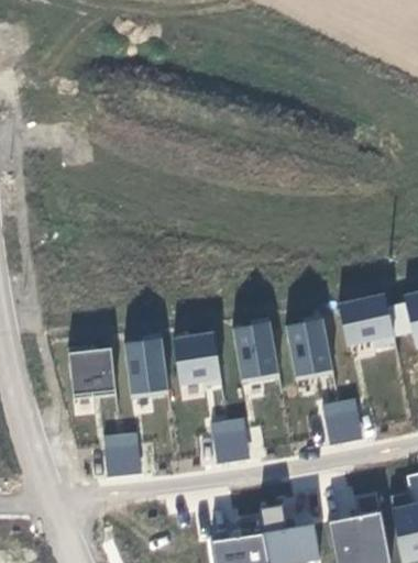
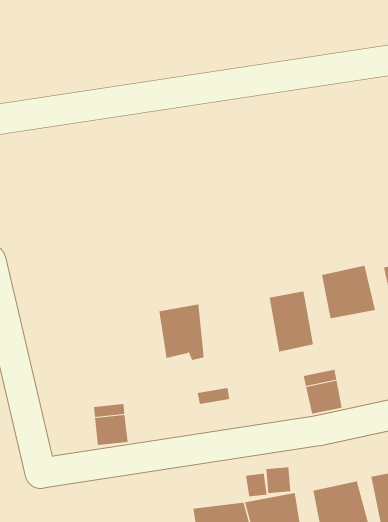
building: [232,323,279,385] -> none
building: [124,340,167,398] -> none
building: [67,347,117,398] -> none
building: [215,429,252,464] -> none

